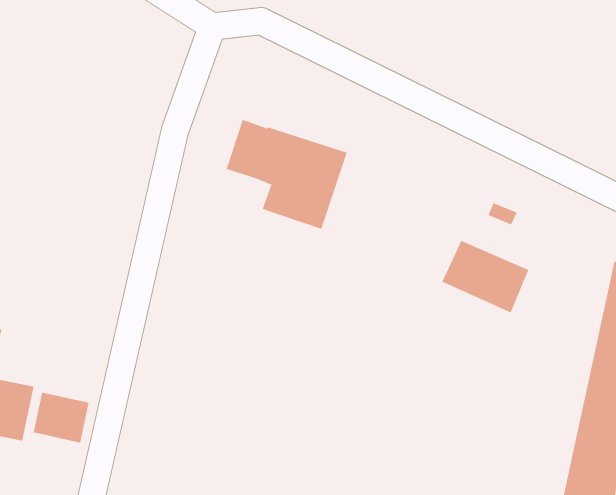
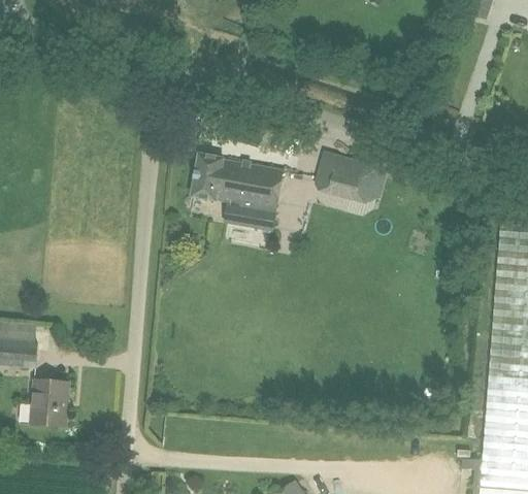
building: [442,240,529,313] -> [314,152,380,202]
building: [33,392,89,443] -> none

